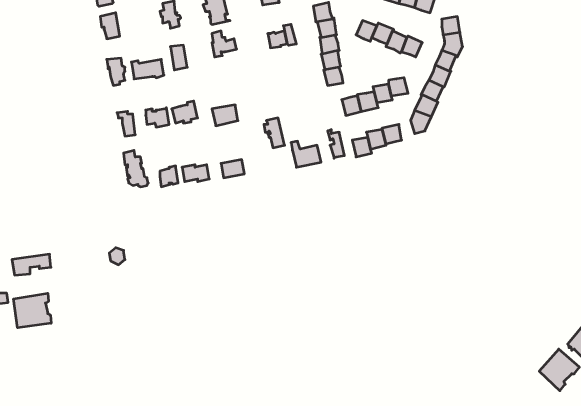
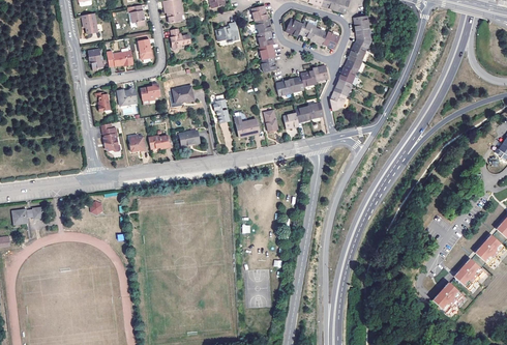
building: [14,293,51,328] -> none

